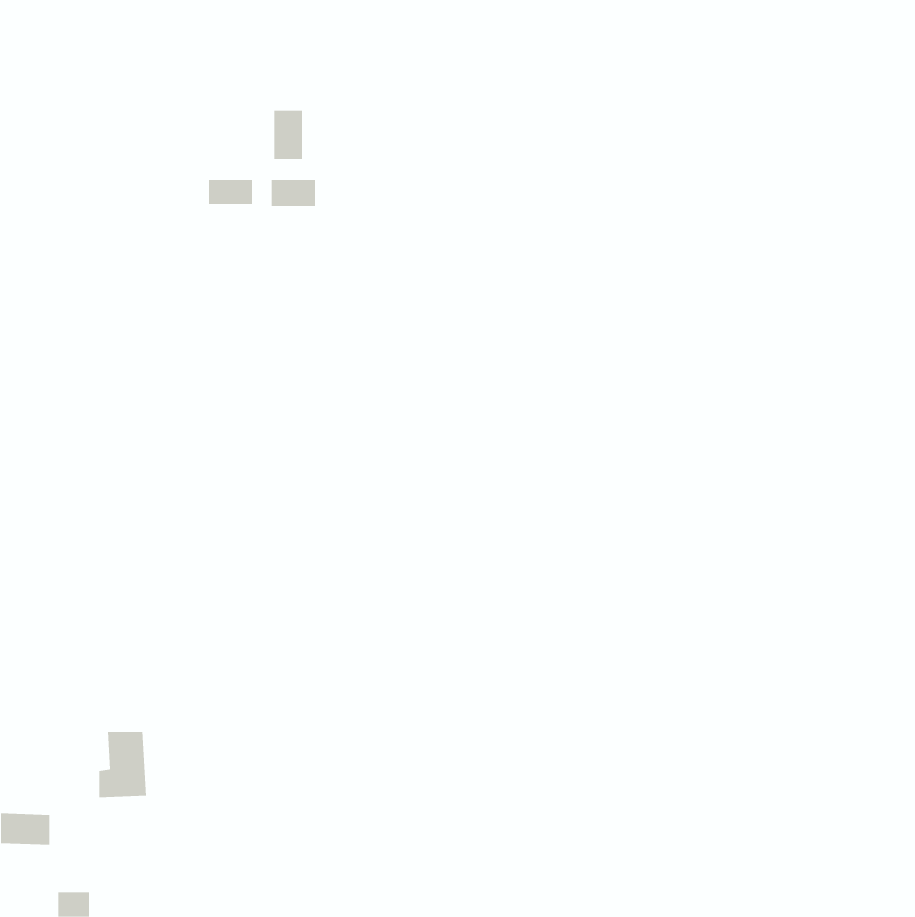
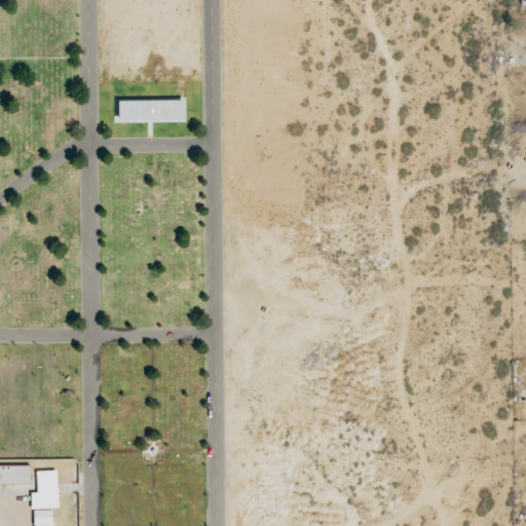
building: [274,110,302,160] -> none
building: [98,731,147,798] -> [31,471,59,509]

